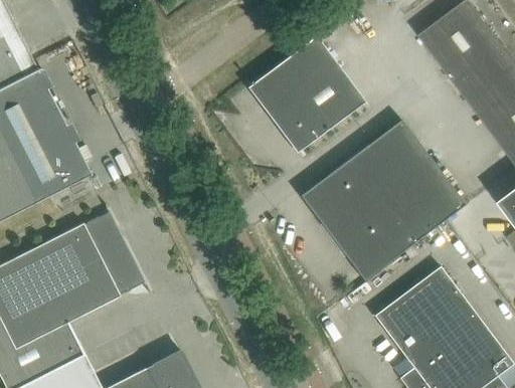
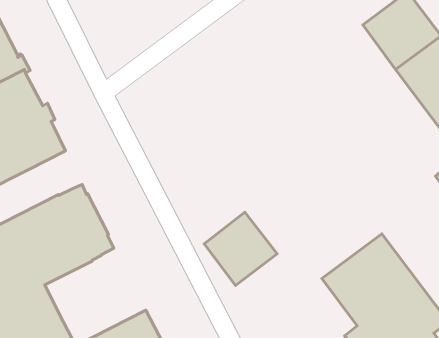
building: [247,34,366,154] -> none
building: [314,119,465,280] -> none
building: none -> [204,212,277,285]

